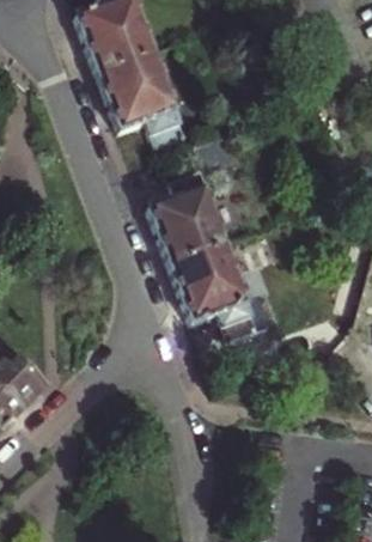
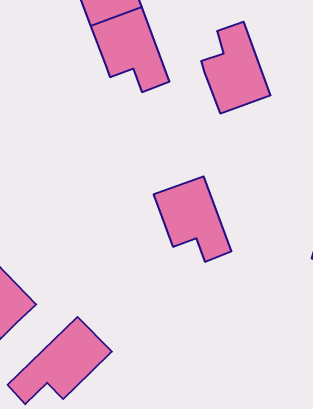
building: [155,162,233,264] -> [201,22,271,113]
building: none -> [8,317,112,404]

